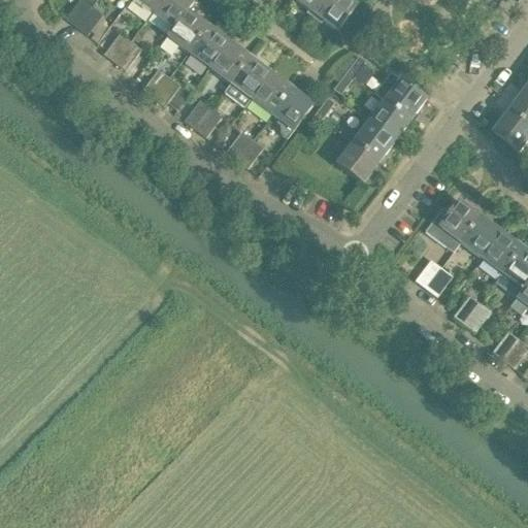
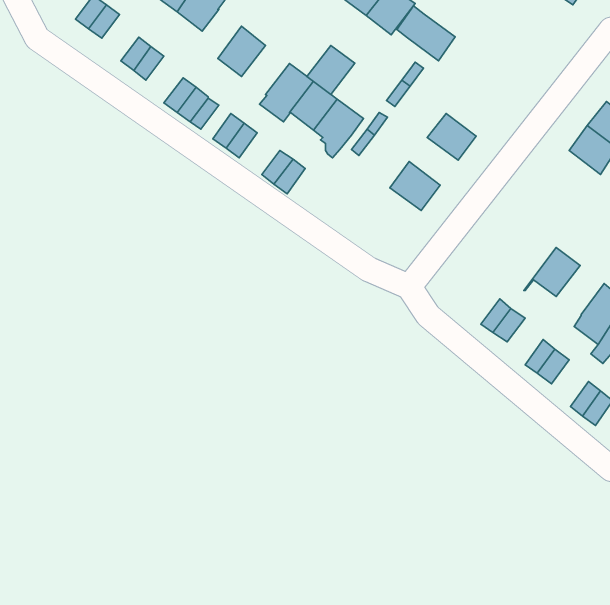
building: [161,8,209,53] -> none
building: [209,39,251,81] -> [307,45,355,94]
building: [376,70,427,118] -> [397,6,455,61]
building: [354,119,396,160] -> none
building: [426,198,481,251] -> none
building: [481,229,522,271] -> none

